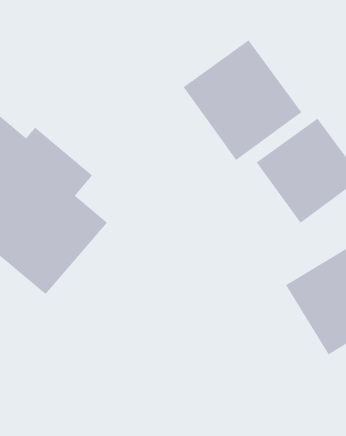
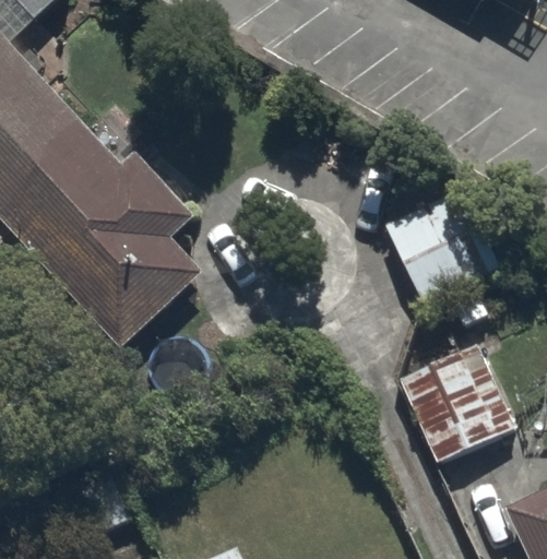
building: [183,40,302,161] -> none

